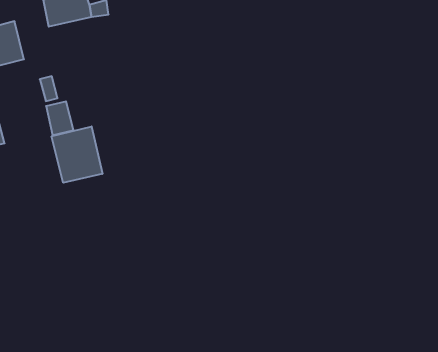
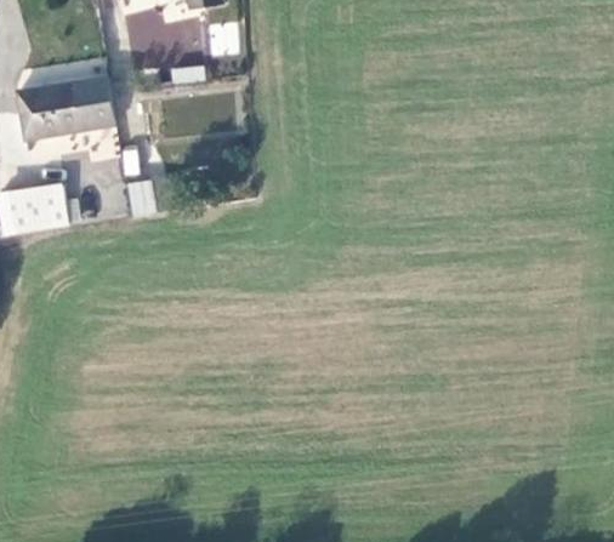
building: [52,126,102,183] -> none

